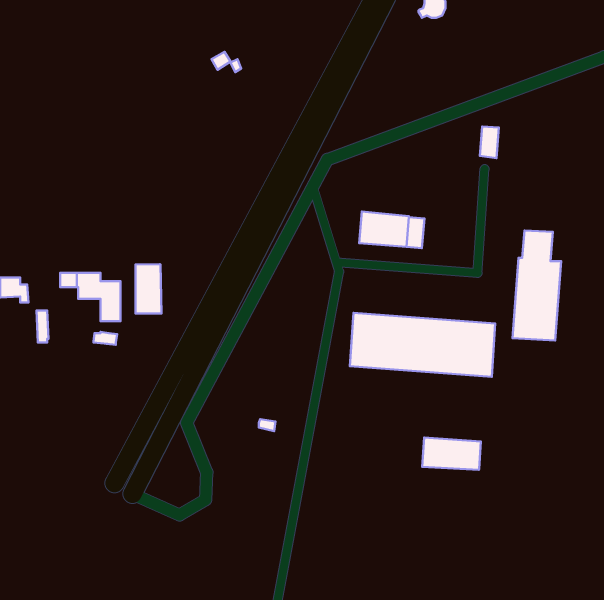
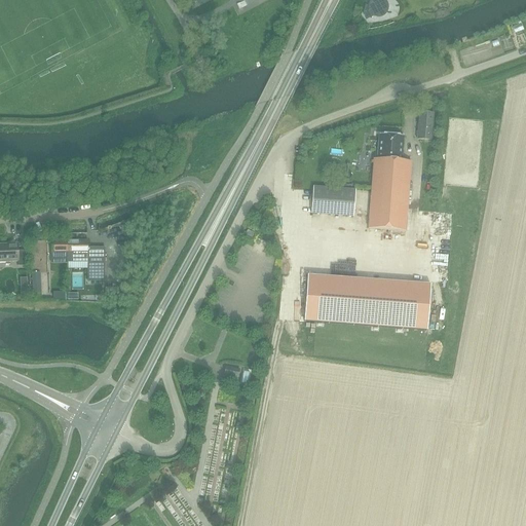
building: [513,231,561,340] -> [369,133,411,228]
building: [136,264,162,313] -> none
building: [422,437,481,470] -> none

